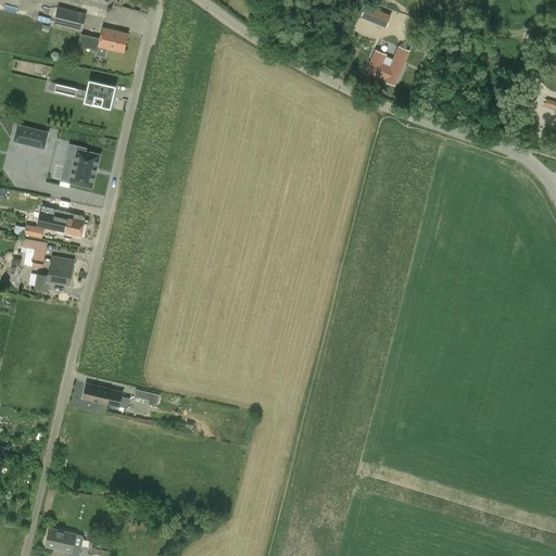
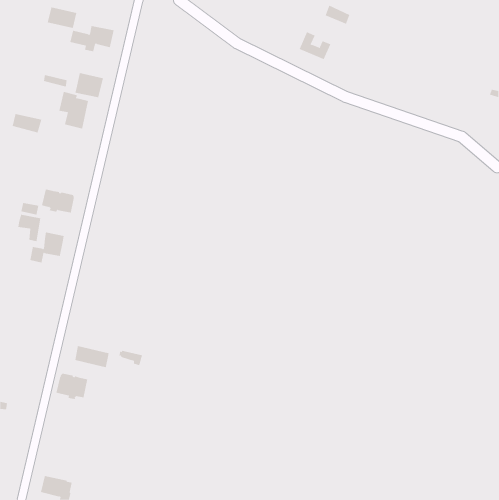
building: [366,51,402,83] -> [299,32,331,60]
building: [63,144,97,187] -> [58,91,89,129]
building: none -> [56,373,88,400]

